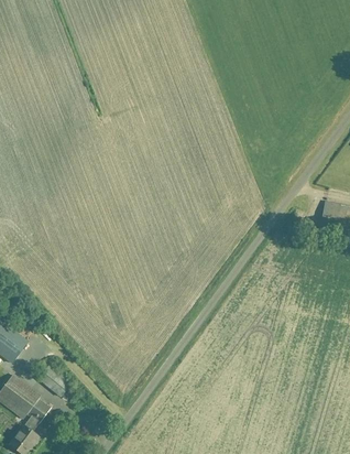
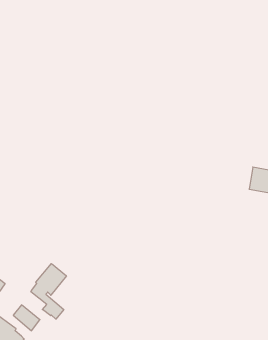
building: none -> [31,264,66,319]

